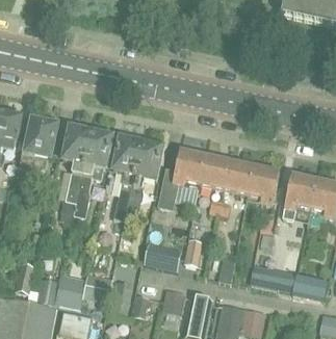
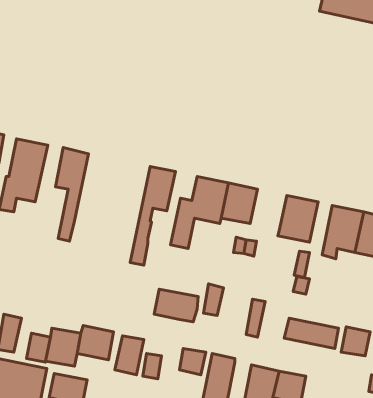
building: [73,129,112,215] -> none
building: [113,135,141,218] -> none
building: [224,158,254,192] -> none

